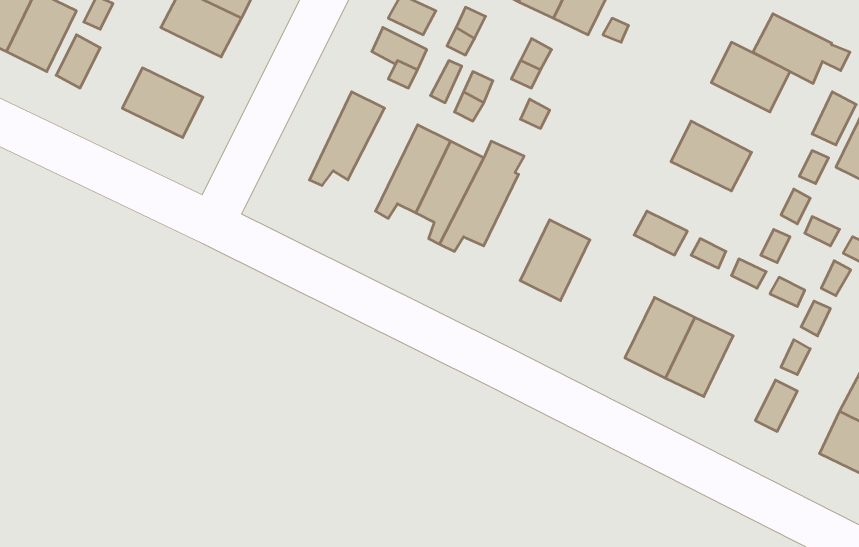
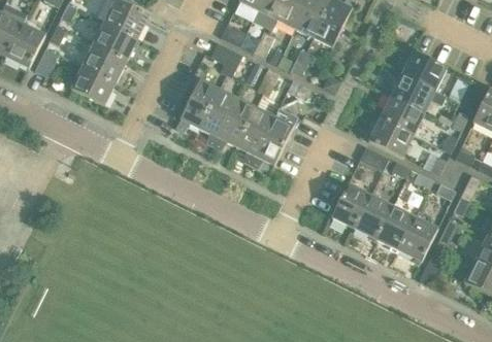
building: [753,14,850,83] -> [391,73,446,112]
building: none -> [83,42,127,81]
building: none -> [198,88,237,145]
building: none -> [368,117,414,157]
building: [520,220,590,301] -> [331,182,370,228]
building: none -> [398,215,437,261]

